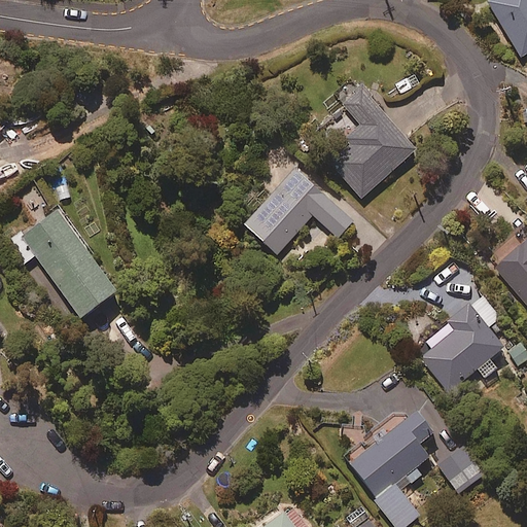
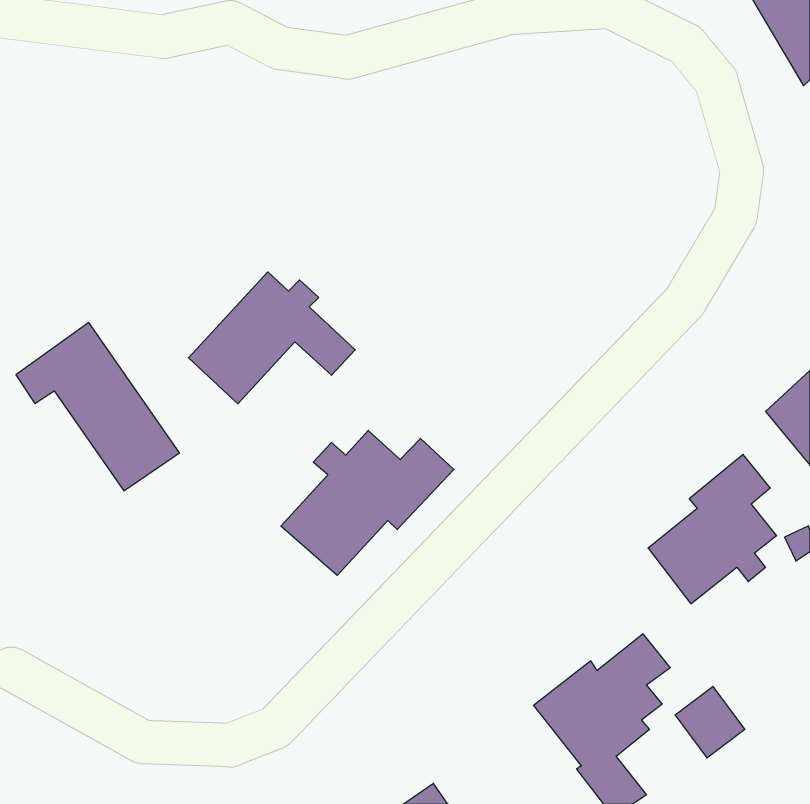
building: [330,92,415,198] -> none
building: [244,169,352,254] -> [188,272,355,404]
building: none -> [281,430,454,575]

